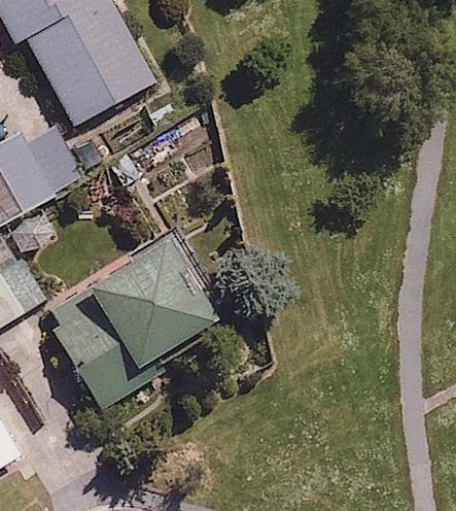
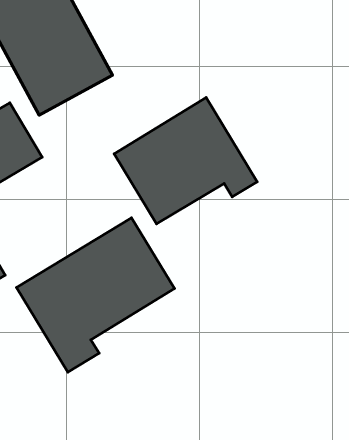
building: none -> [114,98,257,224]

